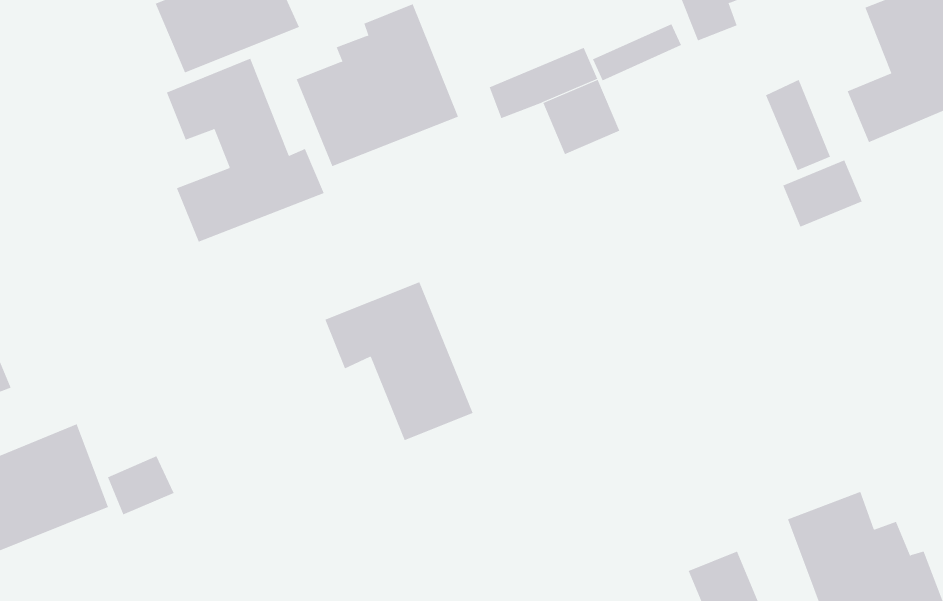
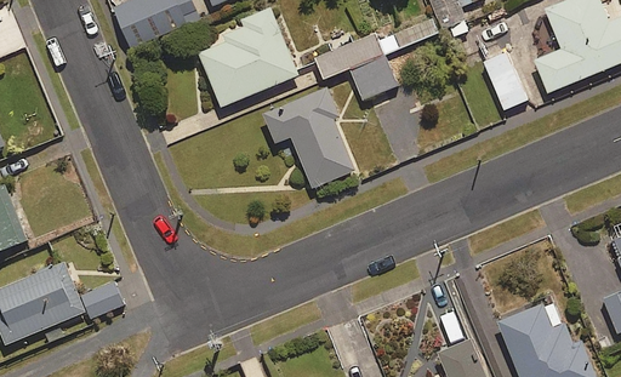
building: [166,58,324,243] -> none
building: [782,159,862,228] -> none
building: [324,282,474,441] -> [263,91,354,188]

